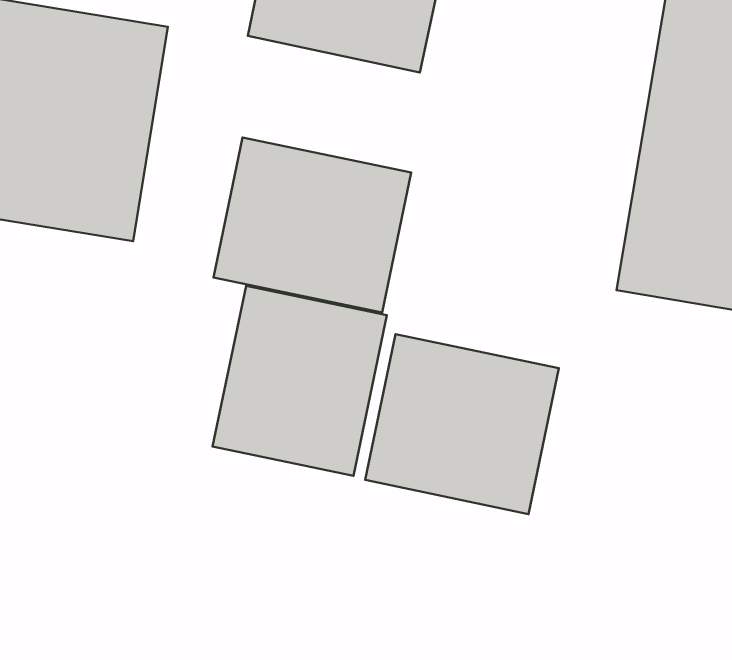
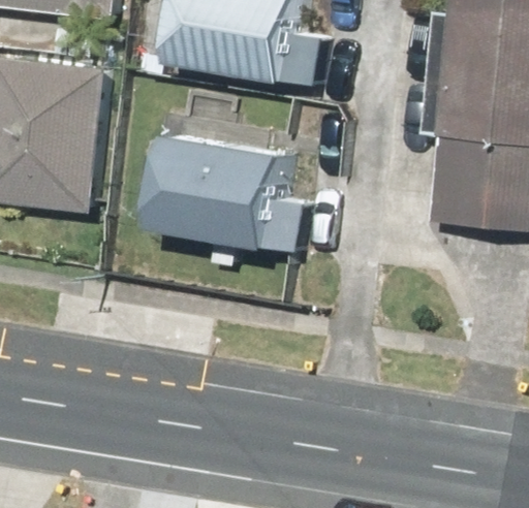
building: [213,286,387,476] -> none
building: [365,334,559,514] -> none

